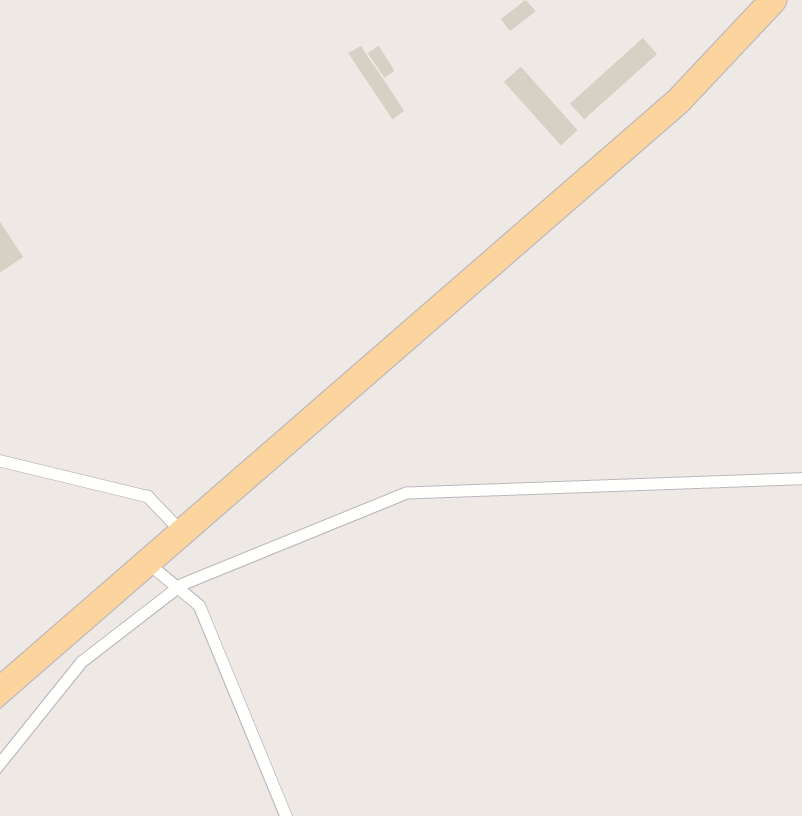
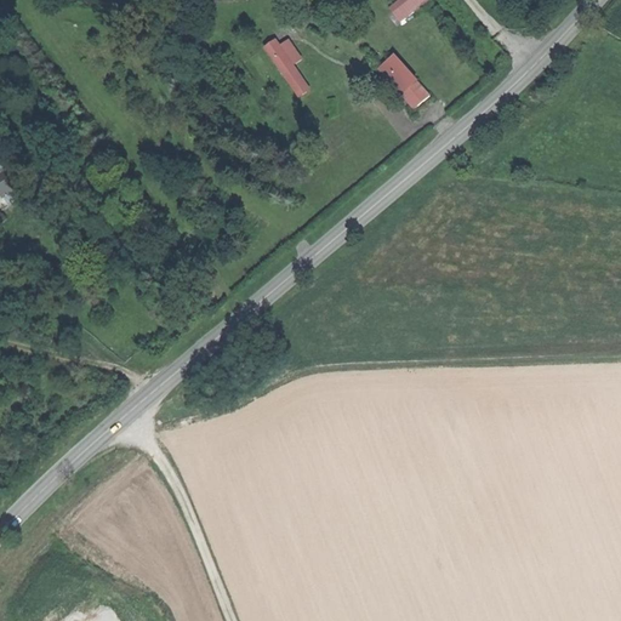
building: [569,37,658,120] -> none

